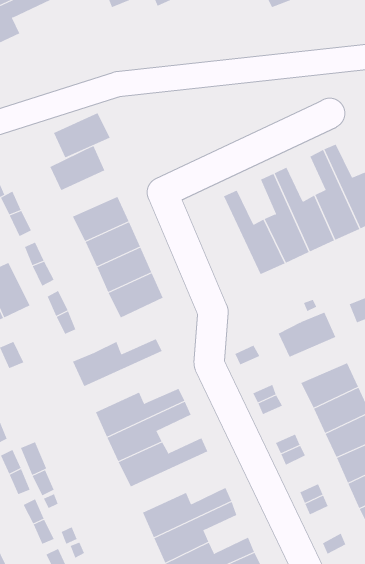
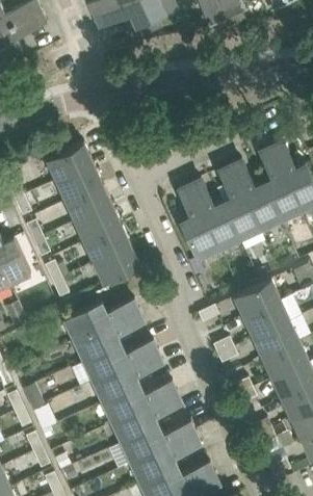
building: [53,112,110,158] -> [56,164,103,202]
building: none -> [179,185,219,260]
building: none -> [243,301,291,338]
building: none -> [75,312,145,362]
building: none -> [113,394,182,444]

